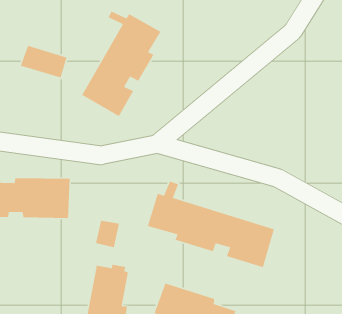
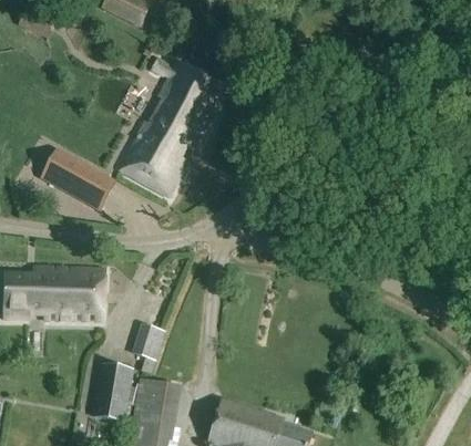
building: [20,45,67,78] -> [34,156,94,198]
building: [147,180,275,268] -> none
building: none -> [91,364,134,423]

